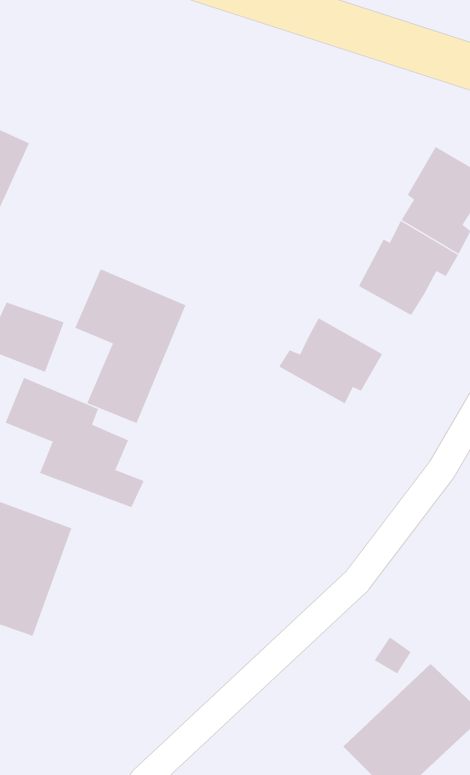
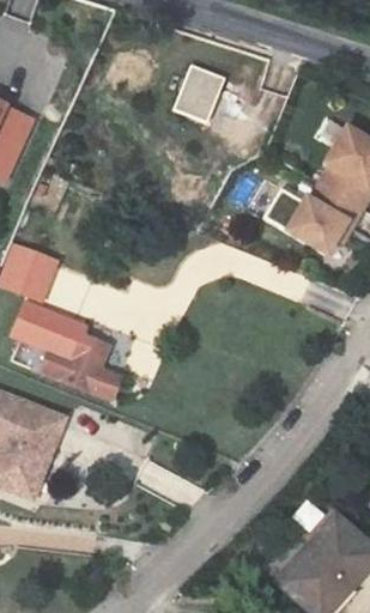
building: none -> [174,62,225,121]
building: [75,268,186,424] -> none
building: [278,317,383,404] -> none

